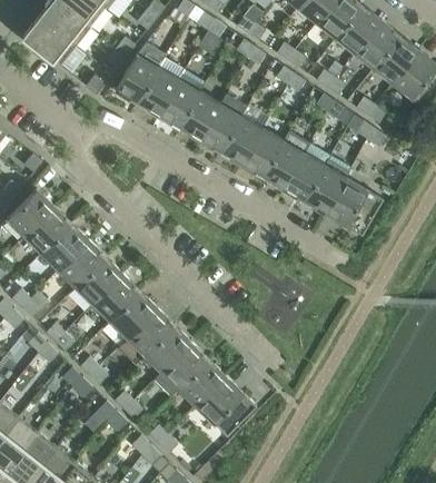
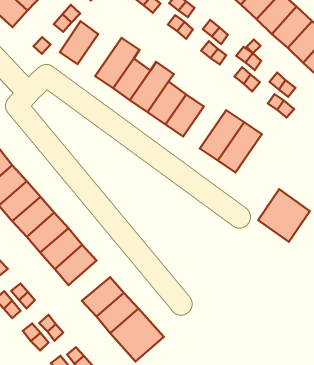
building: [136,57,184,115] -> none
building: [261,130,308,188] -> none
building: [324,176,382,235] -> [258,189,310,242]
building: [143,324,190,371] -> none

